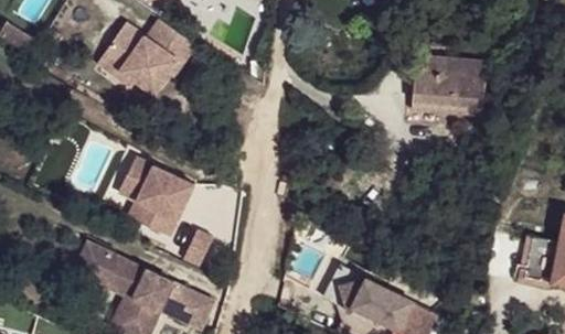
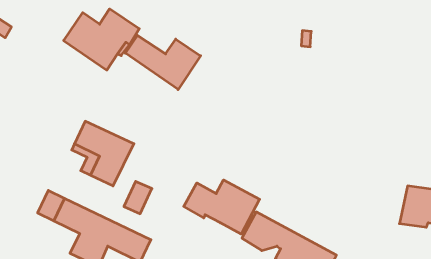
building: none -> [125,35,201,90]
building: [412,53,488,116] -> none
building: none -> [184,180,260,234]

